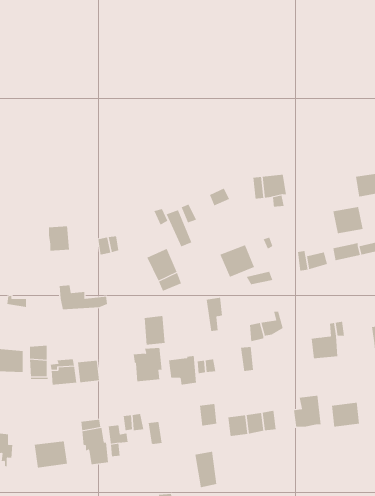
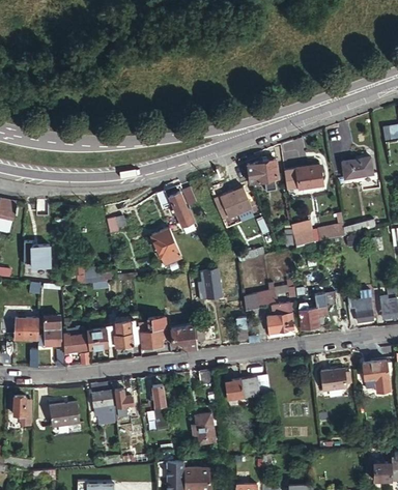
building: [333,207,363,234] -> [295,166,323,191]
building: [48,226,70,251] -> [31,246,51,268]
building: [219,244,255,277] -> [221,188,253,218]
building: [144,316,165,345] -> [114,320,134,347]
building: [293,395,322,427] -> [267,304,293,333]

